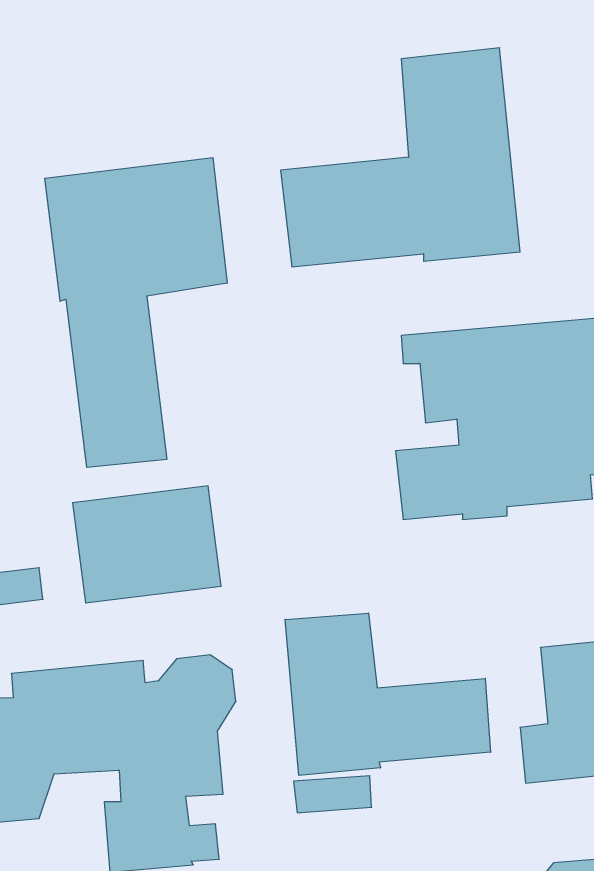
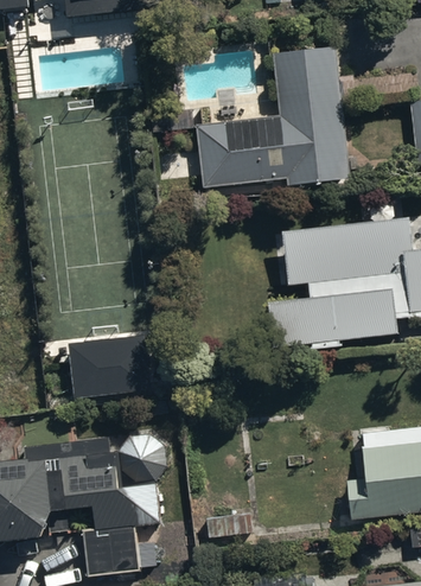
building: [45,158,227,467] -> none
building: [285,613,491,775] -> none

